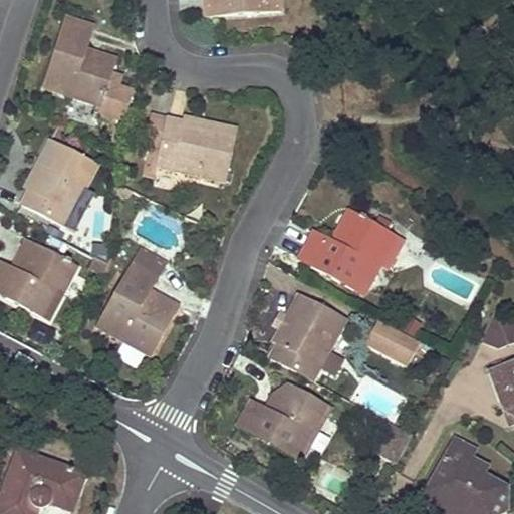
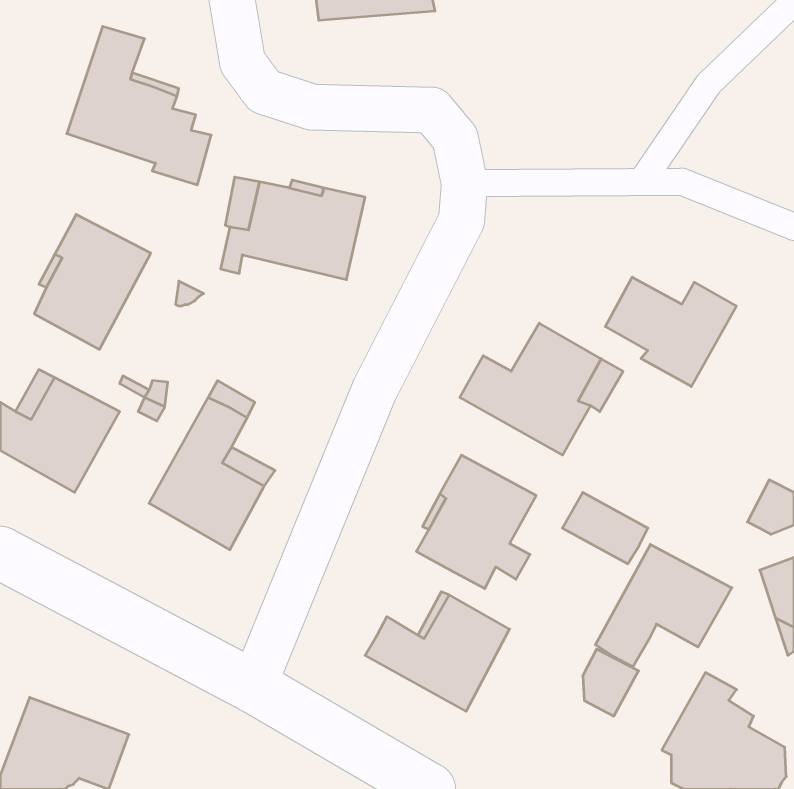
building: none -> [605,277,736,387]
building: none -> [595,544,732,667]

